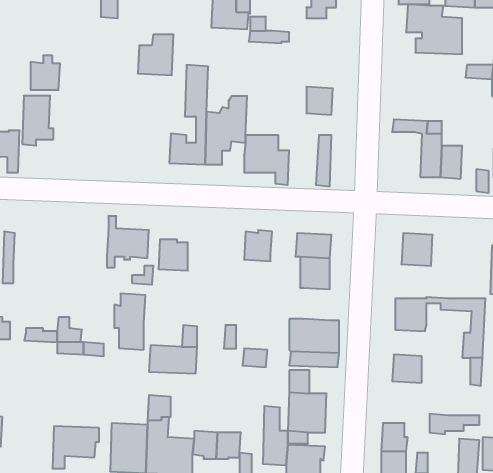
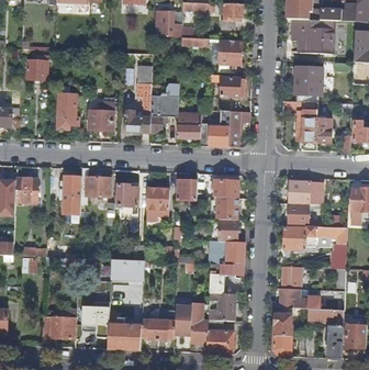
building: none -> [216,38,242,71]
building: [138,35,174,75] -> [88,102,113,131]
building: none -> [293,66,322,94]
building: [22,96,53,146] -> [56,93,78,128]
building: none -> [208,110,230,146]
building: none -> [14,178,37,203]
building: none -> [145,188,169,220]
building: none -> [288,202,321,226]
building: none -> [219,218,238,242]
building: [114,294,145,350] -> [59,176,81,215]
building: none -> [280,288,321,309]

